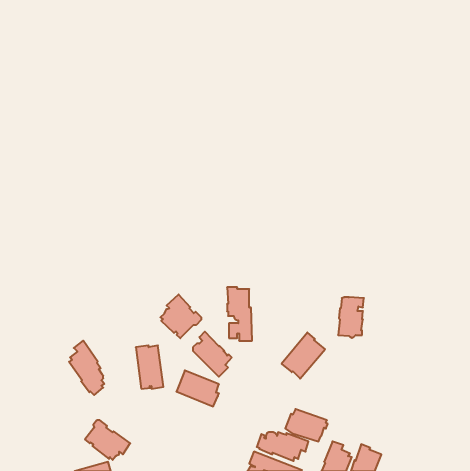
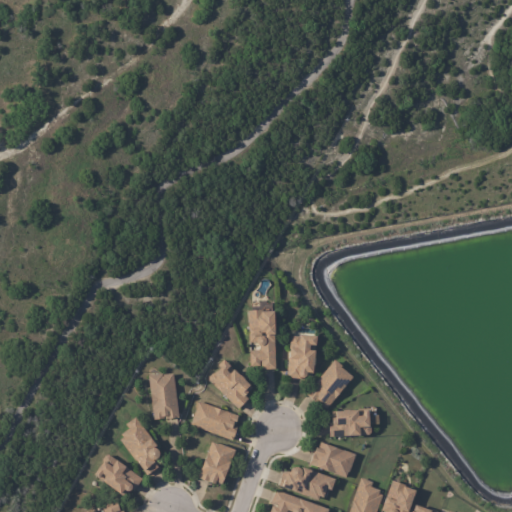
building: [160,294,201,338] -> none
building: [338,297,364,338] -> [287,336,315,380]
building: [69,341,104,395] -> [123,416,161,475]
building: none -> [330,411,372,437]
building: none -> [198,443,235,486]

